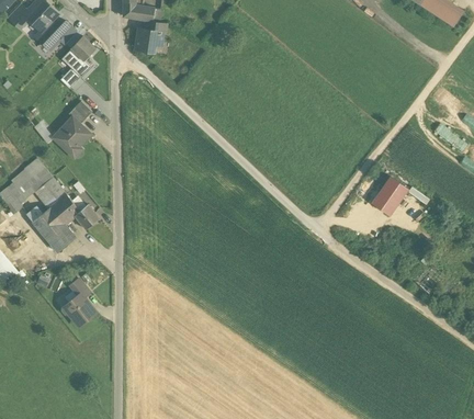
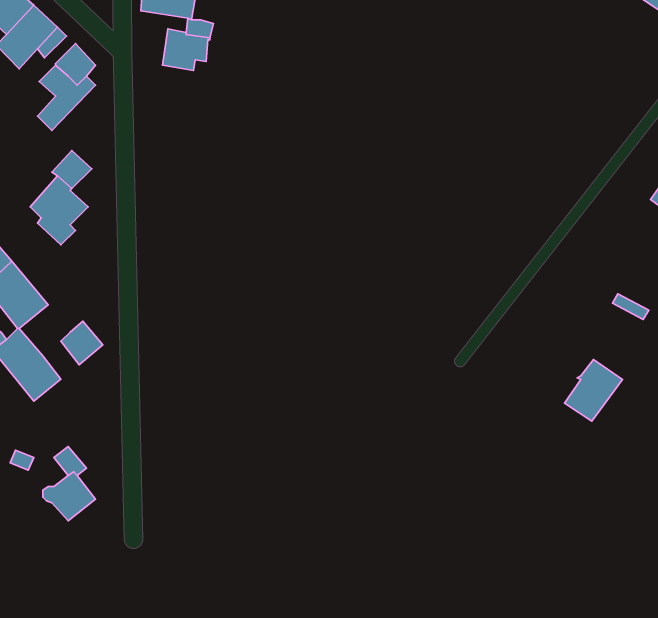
building: [372,177,407,214] -> [564,360,623,421]
building: [48,193,79,224] -> none

